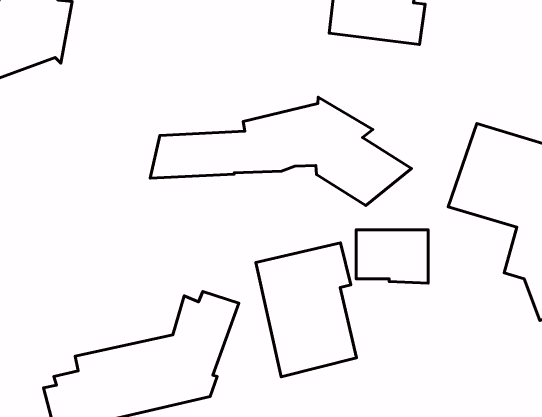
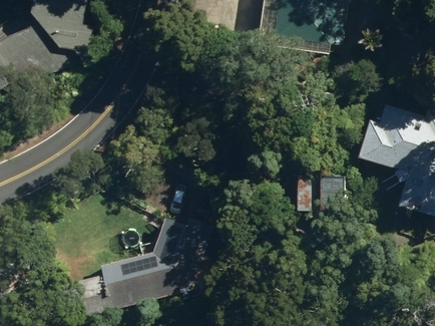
building: [150,97,412,205] -> none
building: [256,243,356,377] -> none

